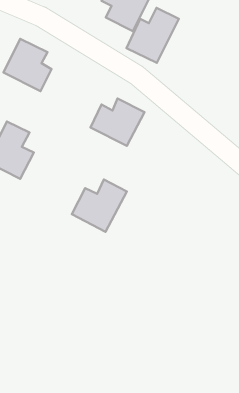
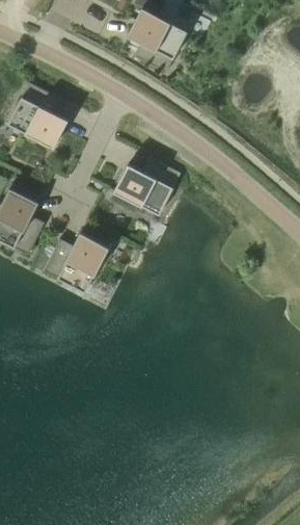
building: [126,8,179,63] -> none
building: [72,180,127,232] -> [43,229,110,293]

